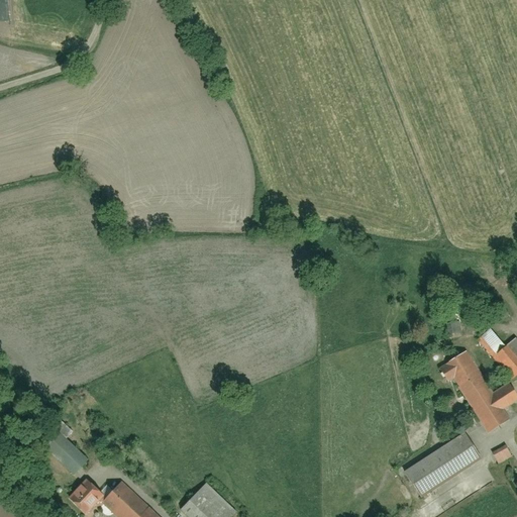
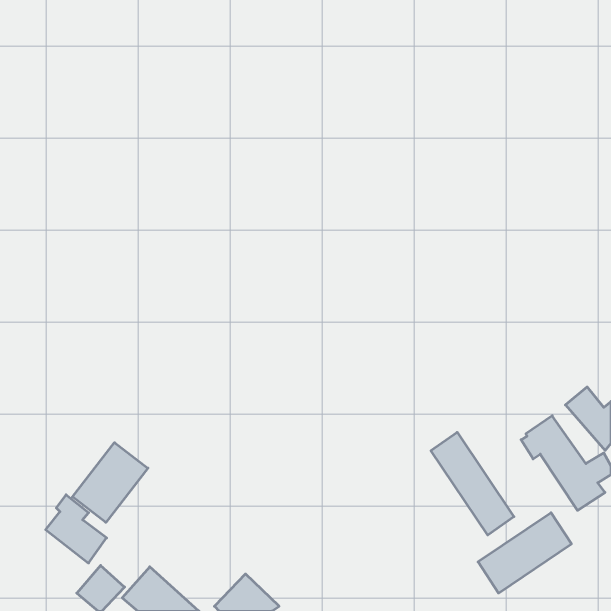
building: none -> [431,432,514,535]
building: none -> [72,443,148,522]

